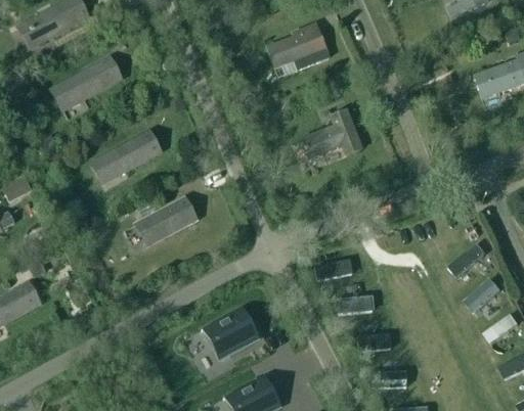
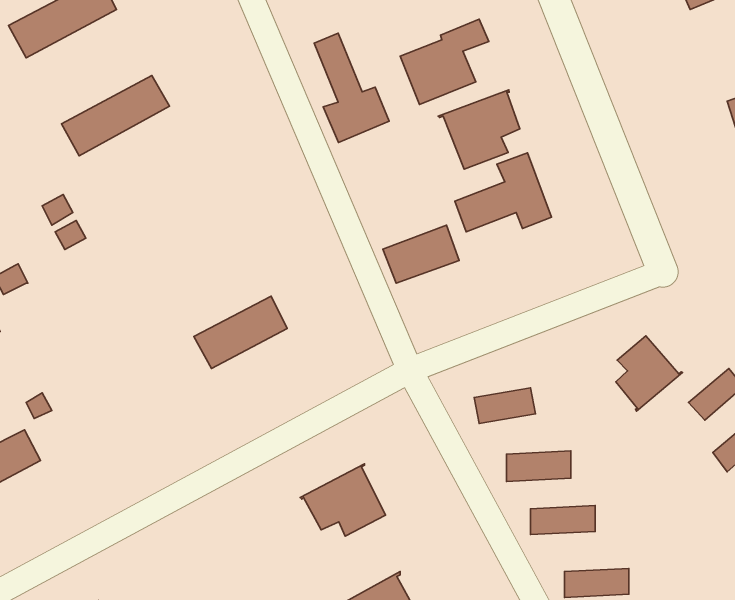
building: none -> [314,33,389,143]
building: none -> [438,90,520,169]
building: [91,132,160,183] -> none
building: none -> [383,225,459,283]
building: none -> [616,336,683,411]

